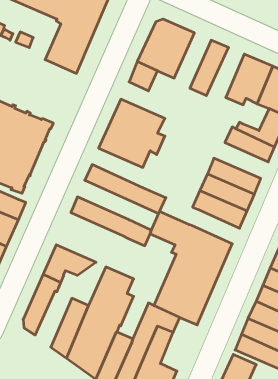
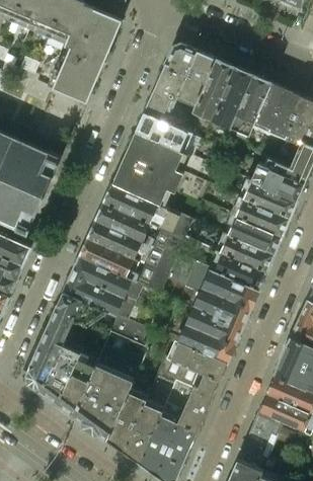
building: none -> [192,59,234,119]
building: none -> [229,75,270,136]
building: none -> [135,112,188,151]
building: none -> [237,178,297,219]
building: none -> [103,185,192,240]
building: none -> [87,221,176,275]
building: none -> [213,253,265,291]
building: none -> [64,256,143,320]
building: none -> [41,338,83,404]
building: none -> [178,372,219,430]

